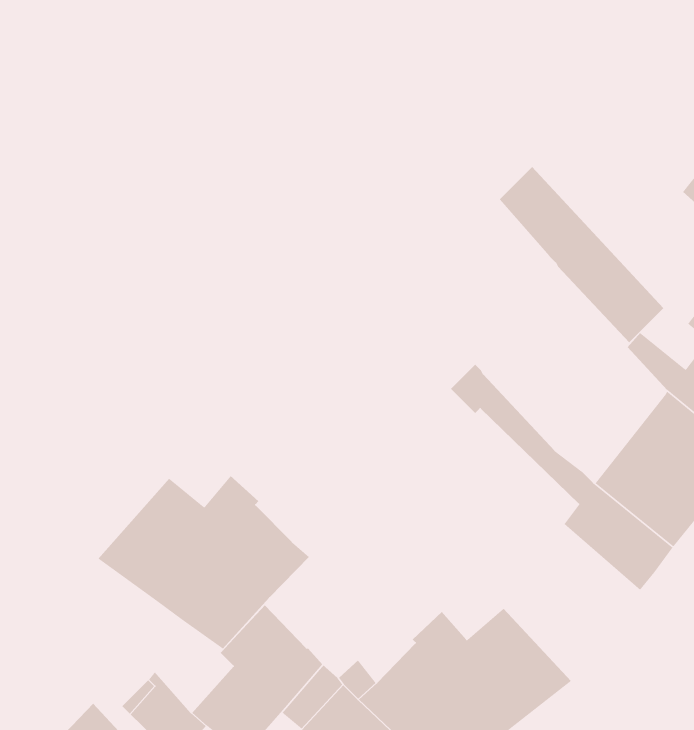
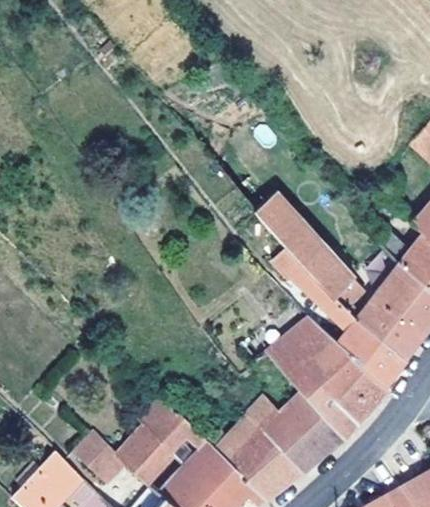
building: [499,166,664,343] -> [256,194,355,300]
building: [97,475,310,649] -> none
building: none -> [267,318,389,438]

